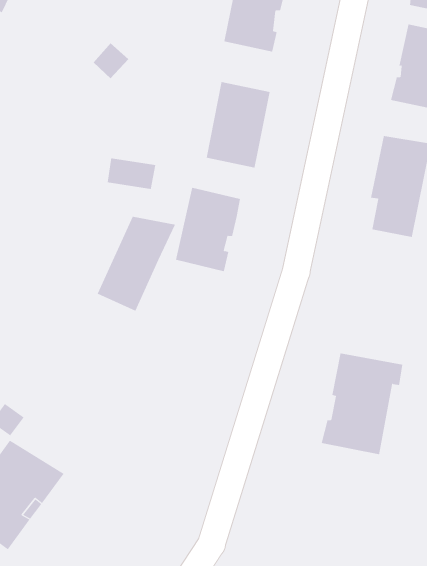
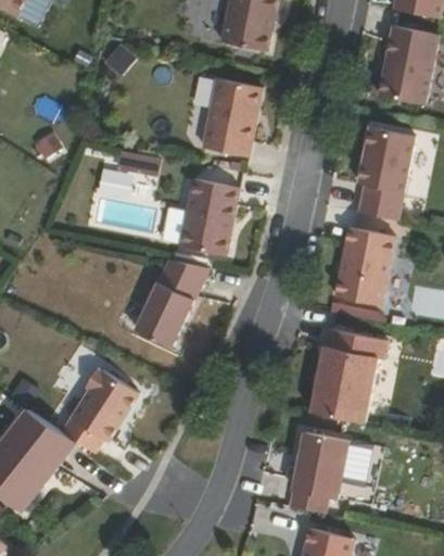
building: [97,216,176,311] -> [131,257,204,345]
building: none -> [334,230,394,307]
building: none -> [69,367,135,440]
building: none -> [292,432,350,513]

